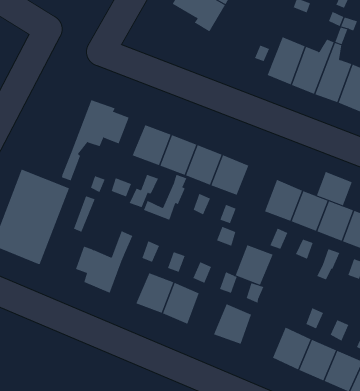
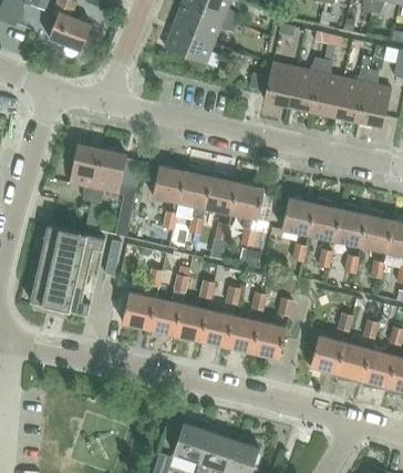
building: none -> [70,144,103,202]
building: [316,171,353,206] -> none
building: [235,244,273,285] -> [227,316,260,352]
building: none -> [149,297,183,335]

